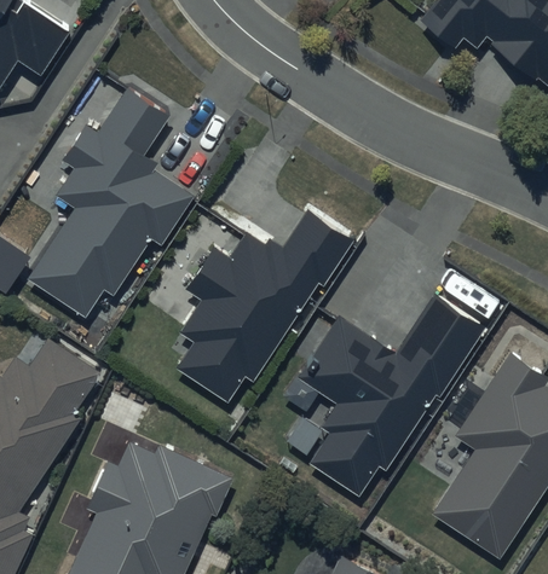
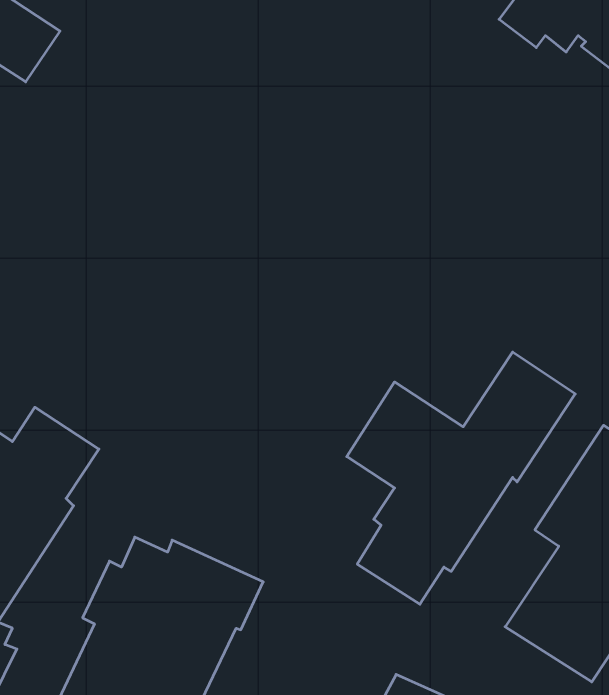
building: [28,86,192,317] -> none
building: [173,211,351,405] -> none

